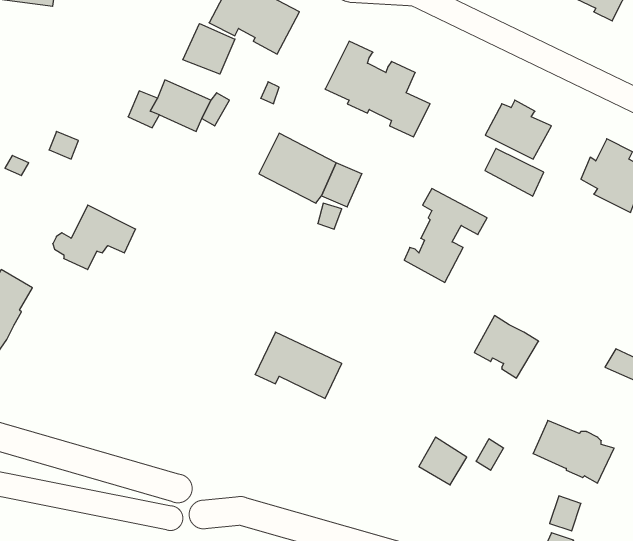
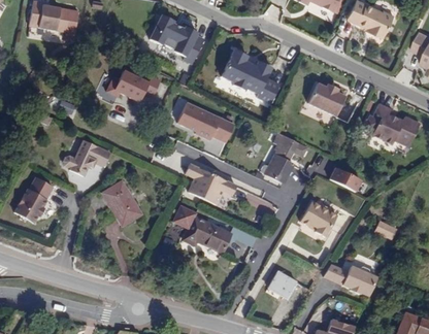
building: [183,24,235,74] -> none
building: [485,148,544,196] -> [325,164,358,191]
building: none -> [188,165,238,206]
building: none -> [102,181,140,225]

